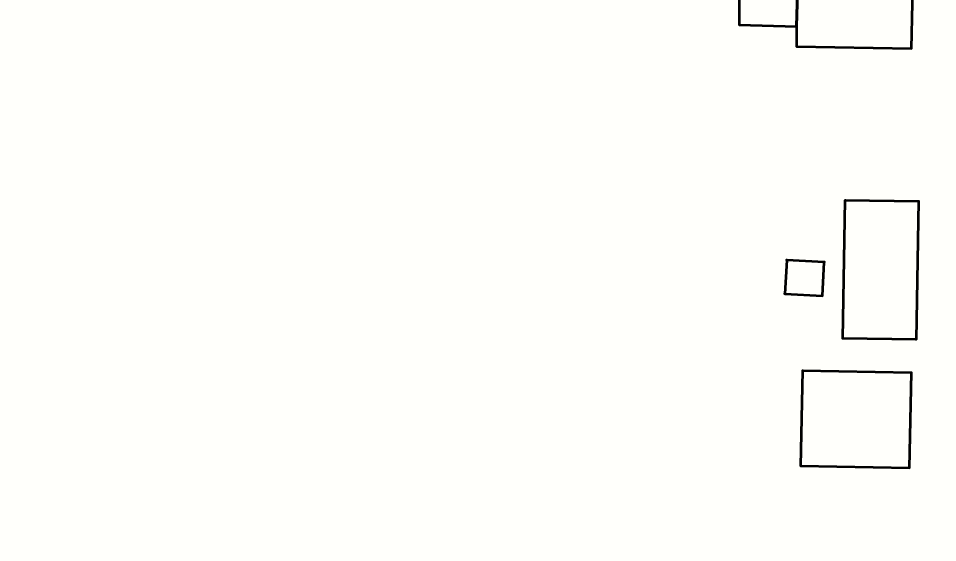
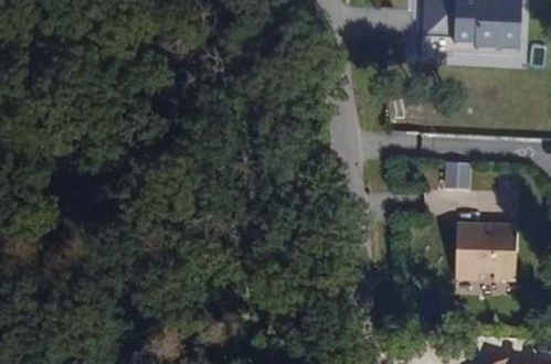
building: [843,200,919,339] -> none

